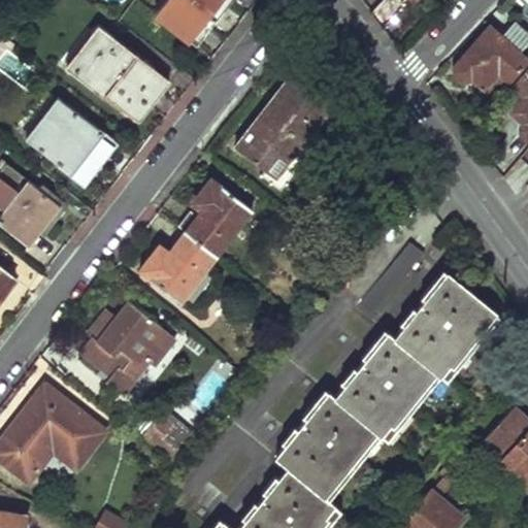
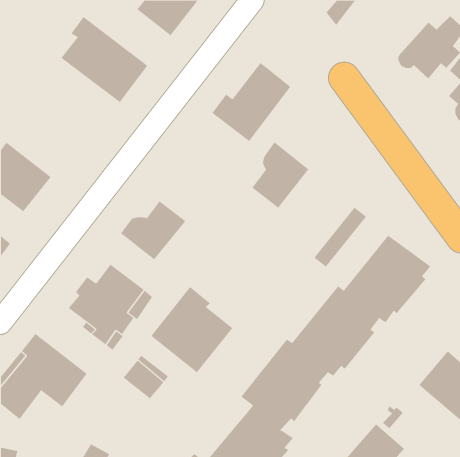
building: [26,100,104,185] -> none
building: [184,182,250,258] -> [251,142,309,208]
building: none -> [151,286,233,373]

